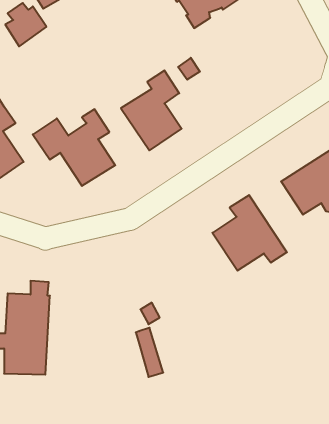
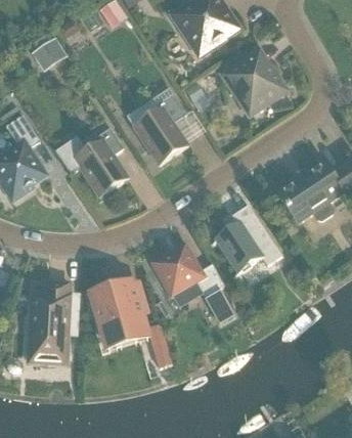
building: none -> [221,48,285,115]
building: none -> [152,244,232,320]
building: none -> [93,284,143,341]

